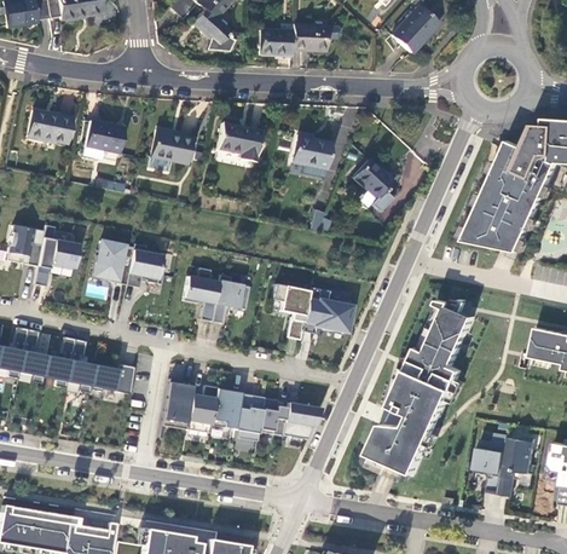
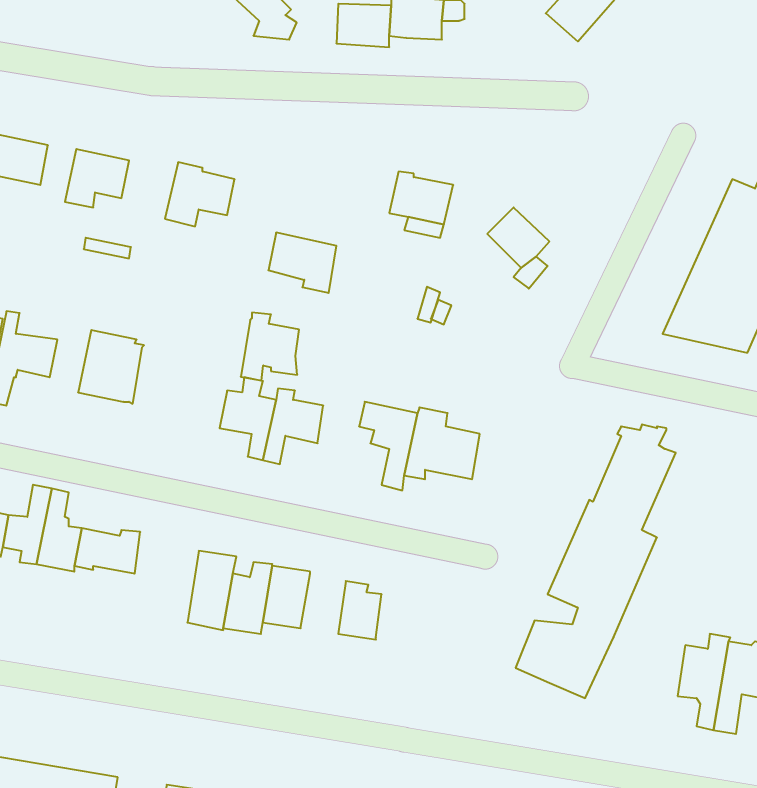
building: [218,123,261,162] -> [268,233,336,293]
building: [127,243,164,287] -> [241,313,299,380]
building: [233,393,264,440] -> none
building: [283,402,320,439] -> none

